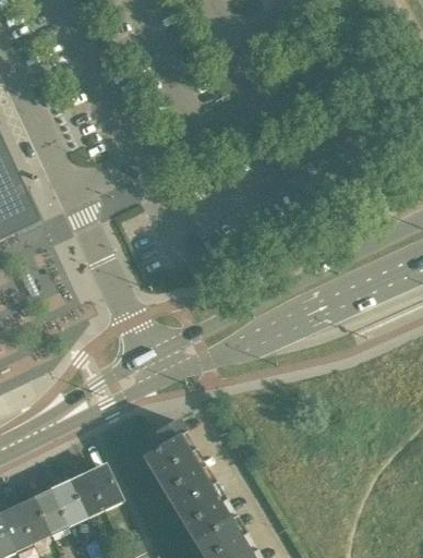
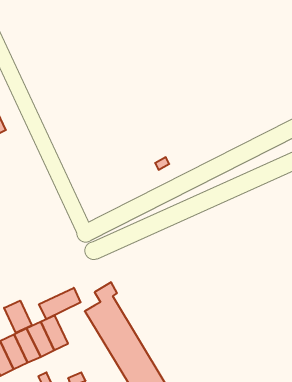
building: none -> [39,288,81,319]
building: none -> [4,301,32,333]

